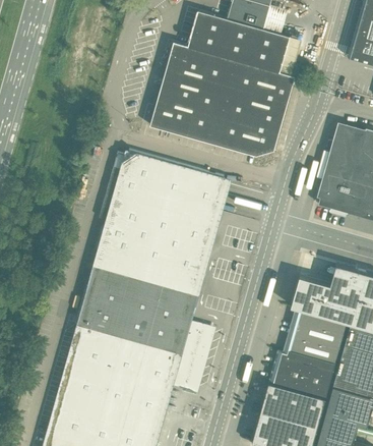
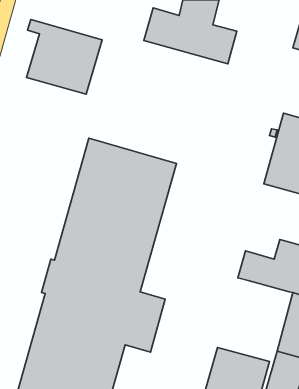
building: none -> [26,20,102,94]
building: [151,43,296,156] -> none
building: [270,310,348,396] -> none

